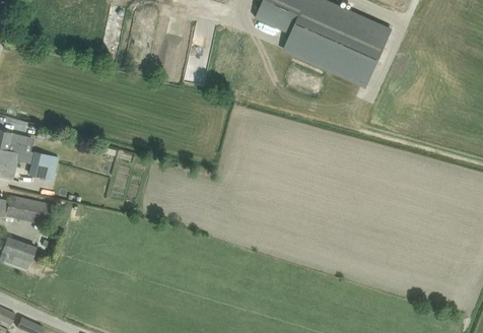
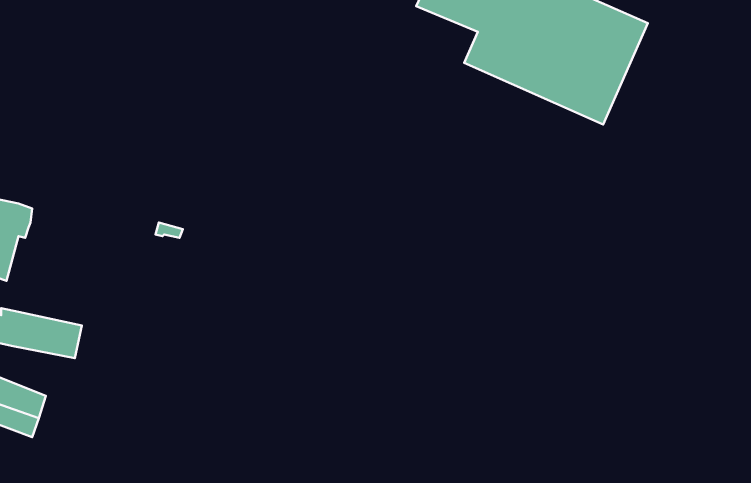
building: [27,150,58,181] -> none

